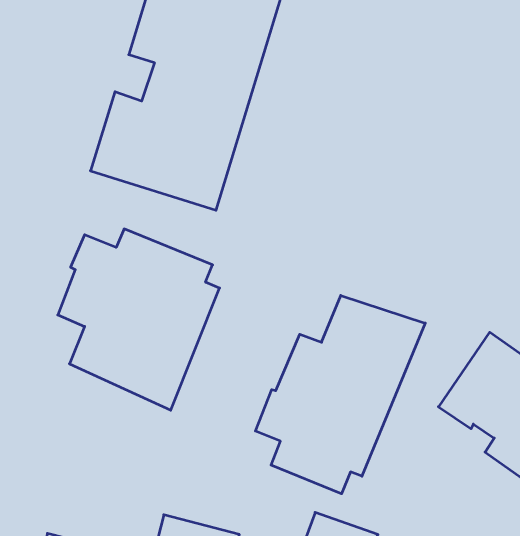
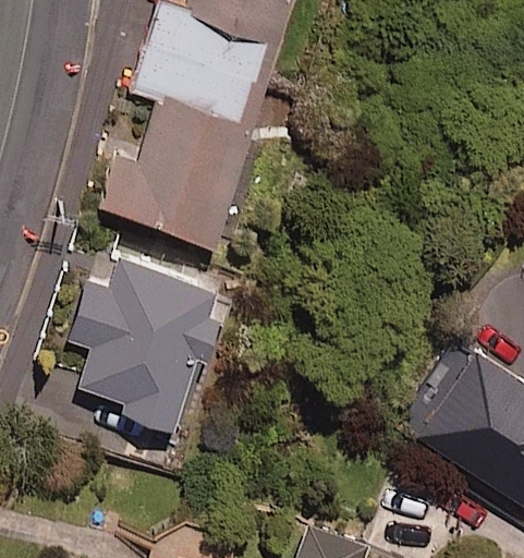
building: [255,295,425,494] -> none

